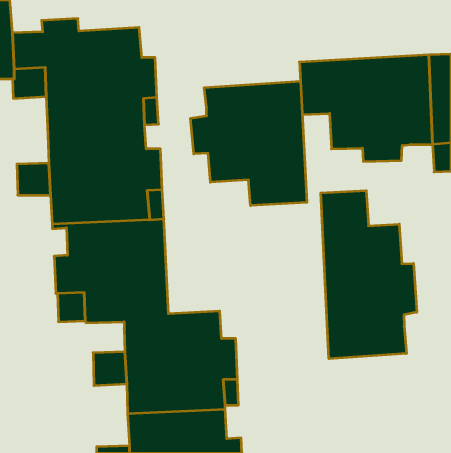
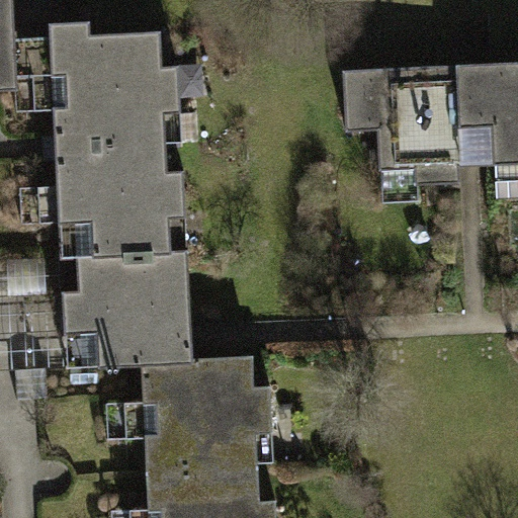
building: [191,81,307,206] -> none
building: [321,191,417,359] -> none

